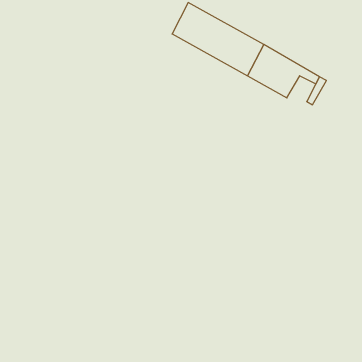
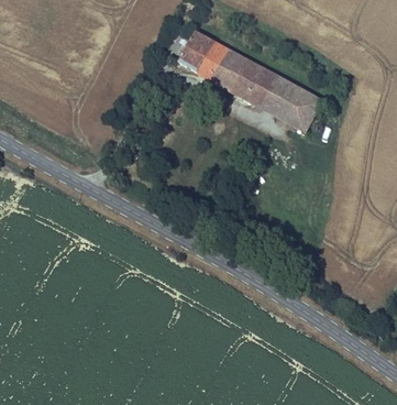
building: none -> [285,98,312,128]

